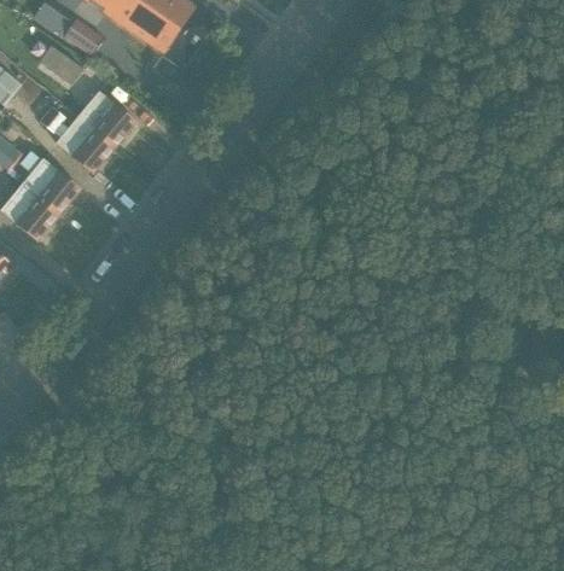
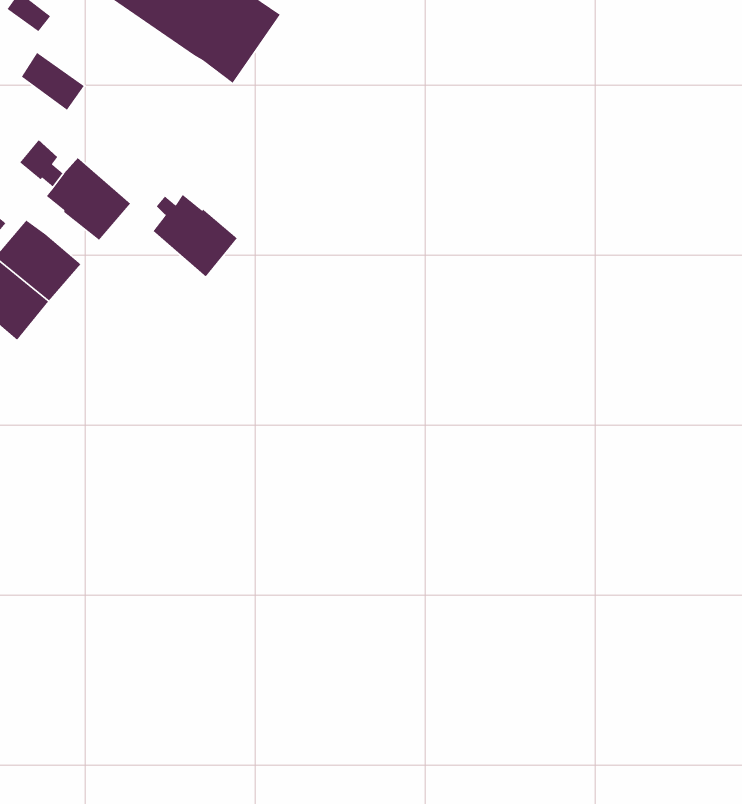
building: [60,16,100,52] -> none
building: [75,88,133,145] -> [152,194,238,277]

